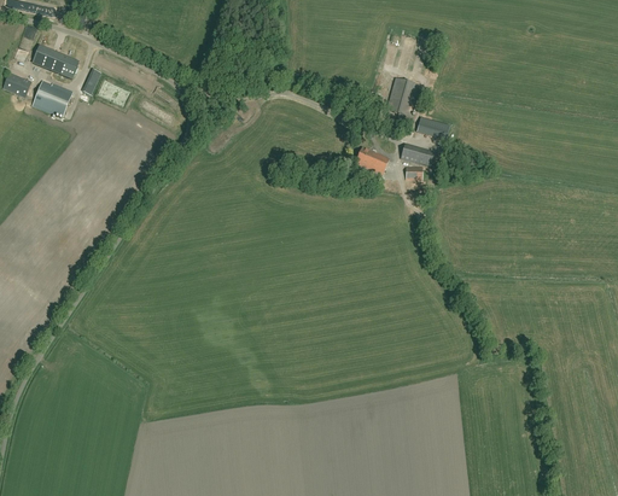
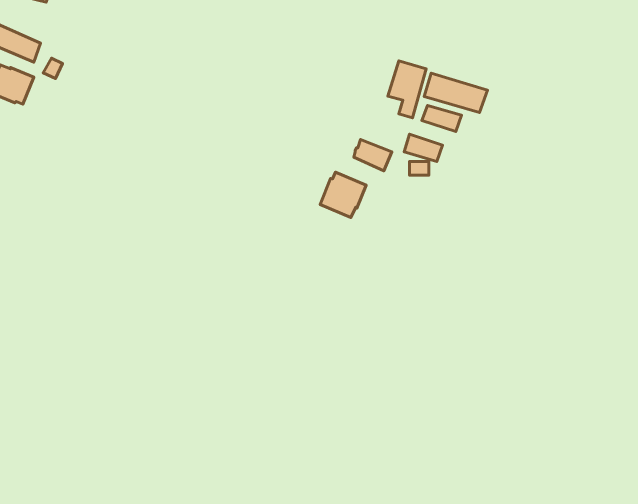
building: none -> [424,73,488,113]
building: none -> [320,172,366,218]

